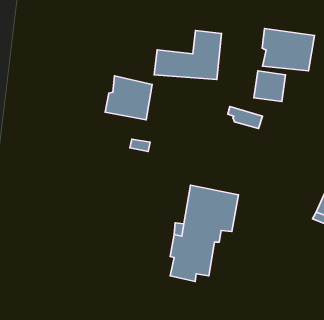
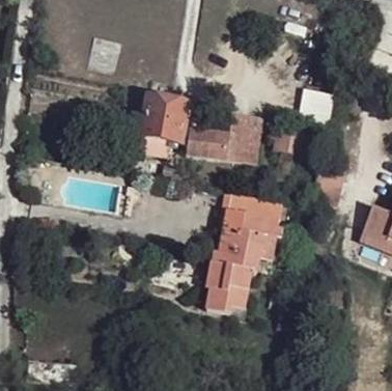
building: [262,29,314,71] -> none
building: [154,31,222,80] -> [185,102,257,155]

